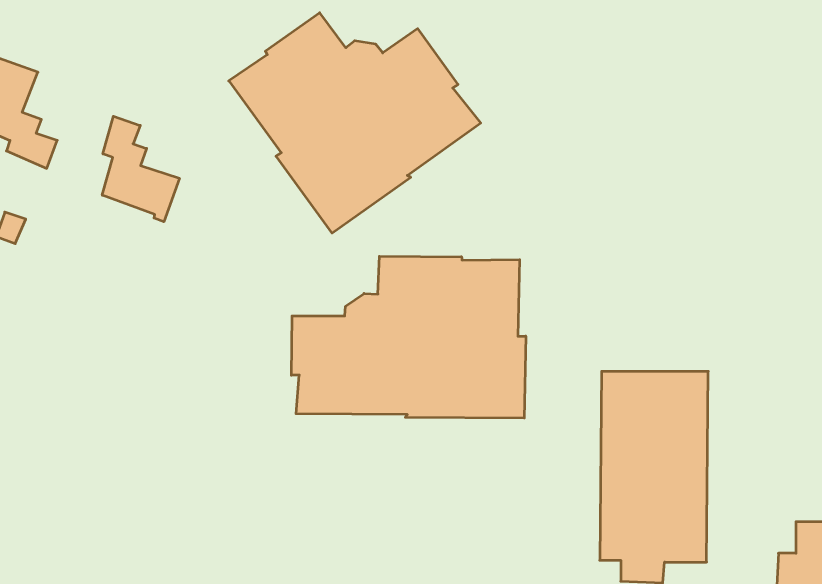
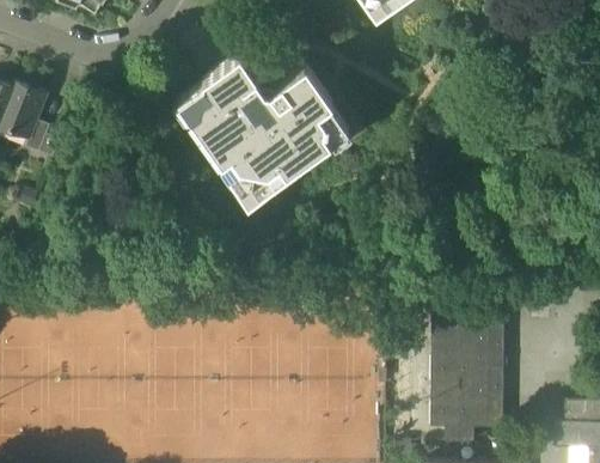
building: [102,116,179,222] -> none
building: [291,256,526,418] -> none

